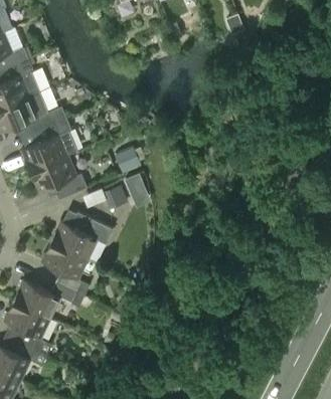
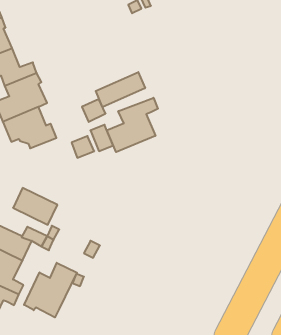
building: none -> [96,72,145,107]
building: none -> [107,98,158,152]
building: [50,212,113,259] -> none
building: none -> [24,263,77,317]

